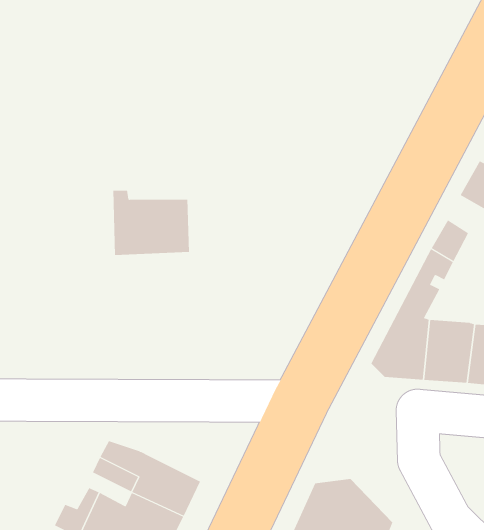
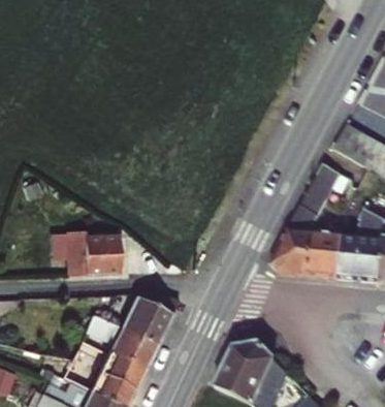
building: [113,190,190,255] -> [67,230,120,275]
building: none -> [122,291,179,344]

